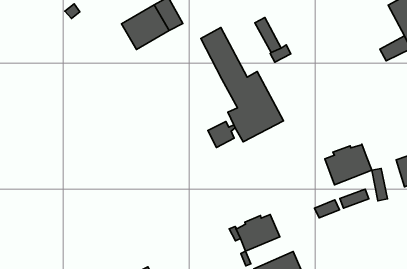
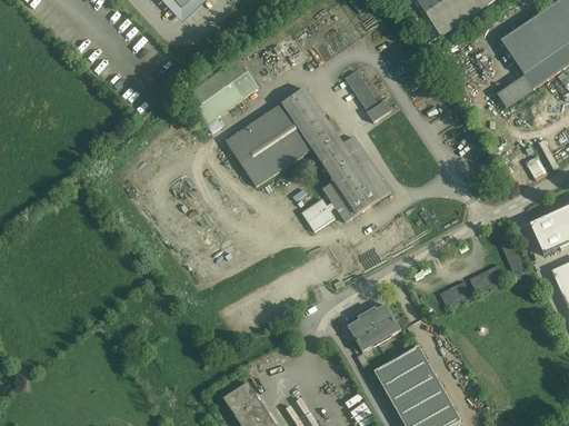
building: none -> [226,103,312,186]
building: [325,144,372,185] -> none

